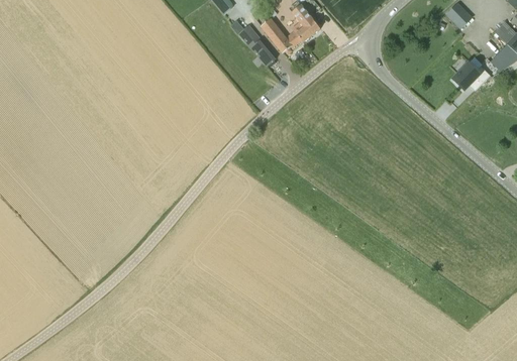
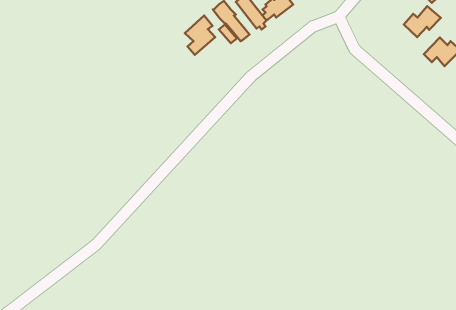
building: none -> [404,6,441,37]
building: none -> [185,16,215,55]

